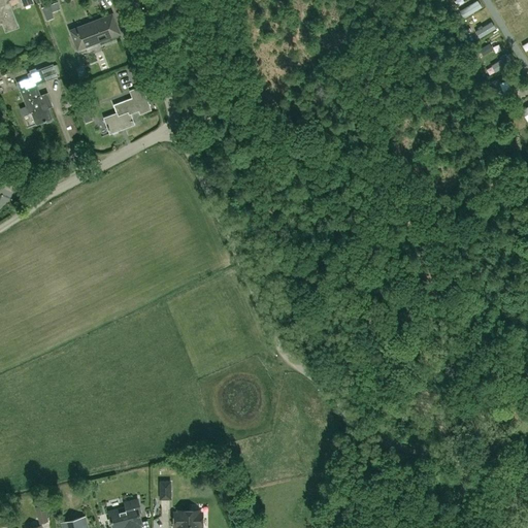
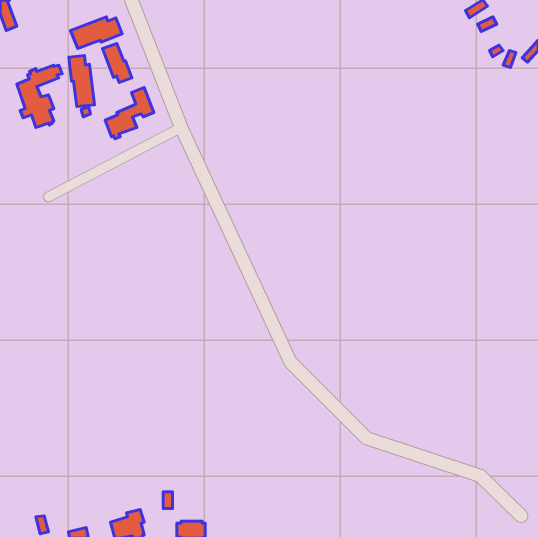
building: none -> [103,44,132,83]
building: none -> [69,55,94,107]

